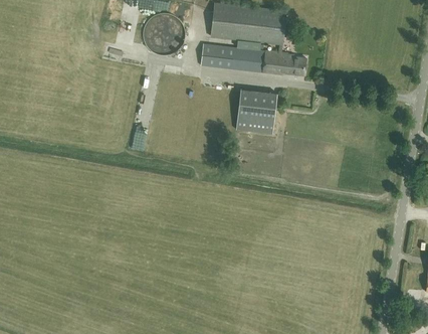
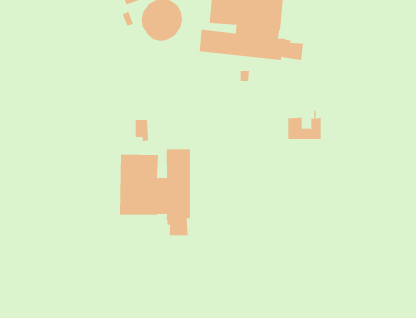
building: [239,99,273,128] -> [288,110,322,139]
building: none -> [120,148,191,236]

